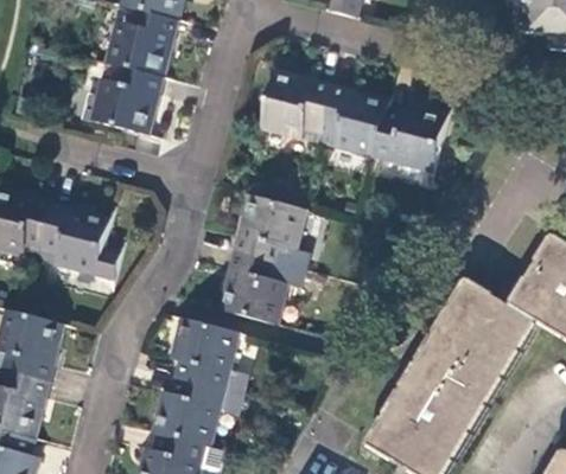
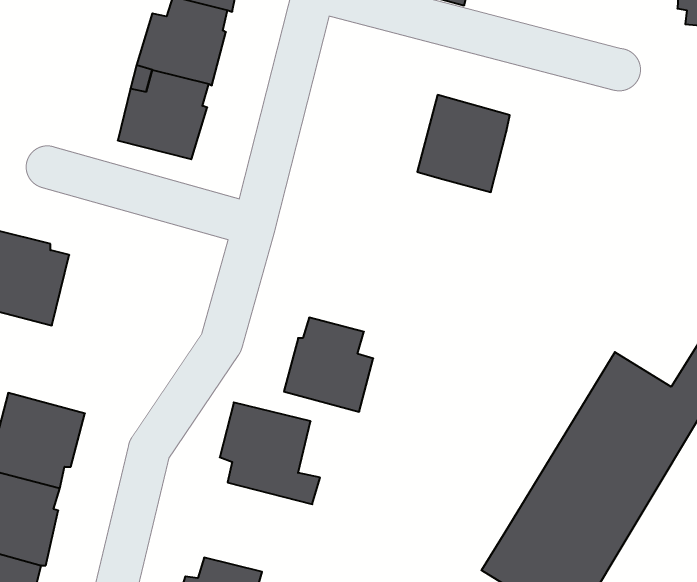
building: [260,68,333,141] -> none
building: [374,103,446,173] -> none
building: [236,193,303,262] -> none
building: [42,204,122,277] -> none
building: [150,376,239,446] -> none

